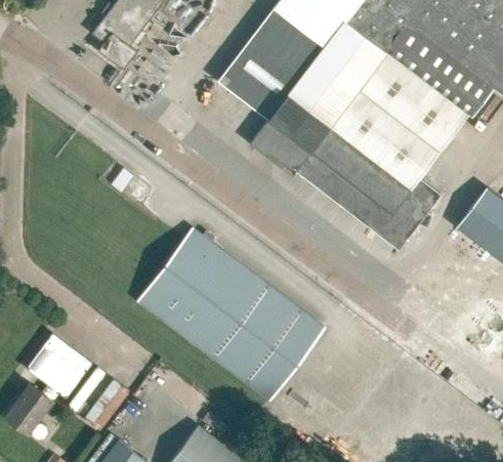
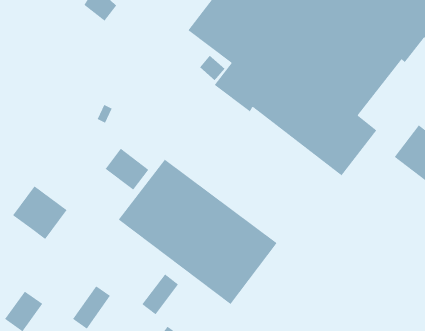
building: none -> [105,148,149,191]
building: [25,333,89,396] -> [12,185,68,240]
building: none -> [142,274,179,315]

